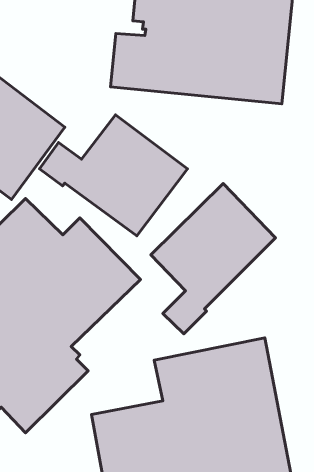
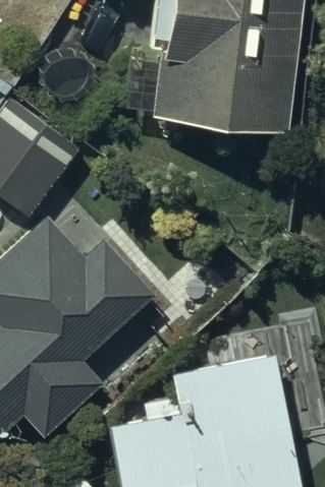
building: [39,115,188,236] -> none
building: [151,184,276,334] -> none

